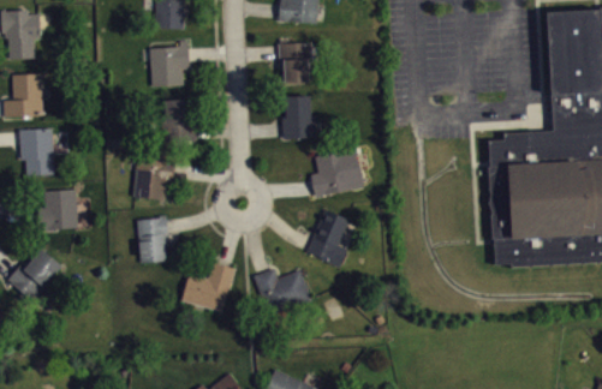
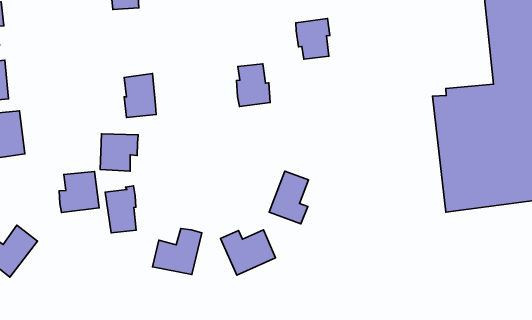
building: [149,41,191,86] -> none
building: [279,42,314,83] -> [296,19,330,59]
building: [311,148,364,197] -> none
building: [38,190,79,231] -> [59,171,99,213]

